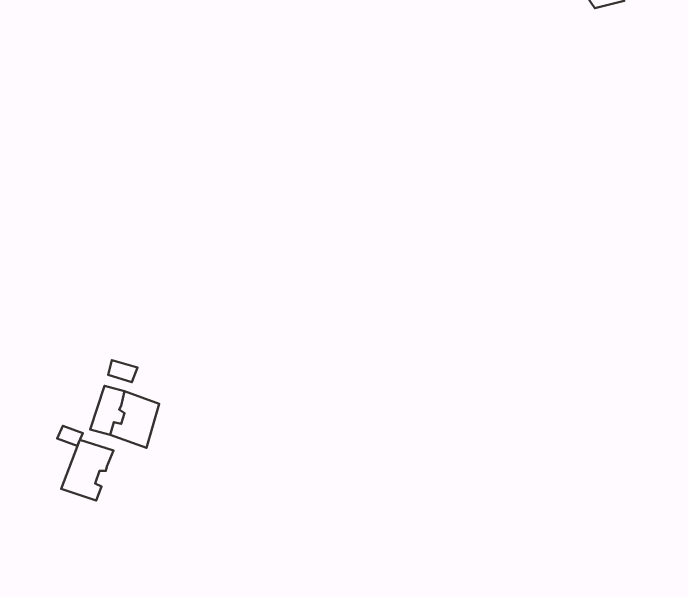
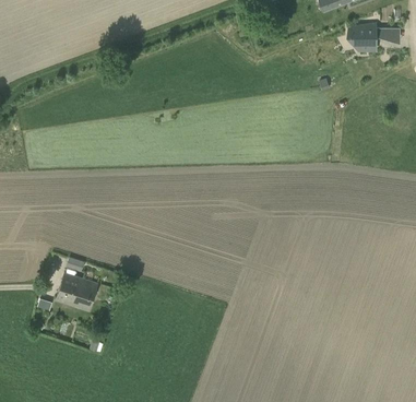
building: [61,440,113,501] -> none

